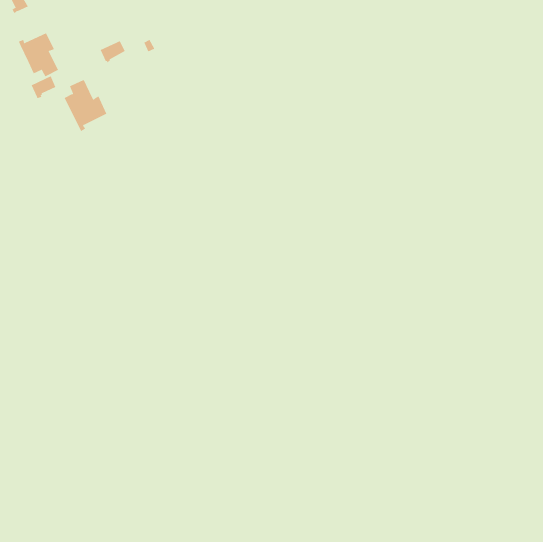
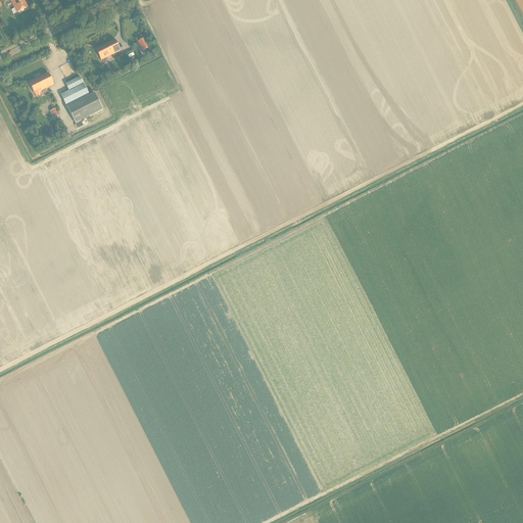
building: [18,32,59,77] -> none

